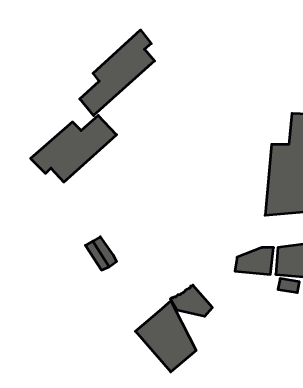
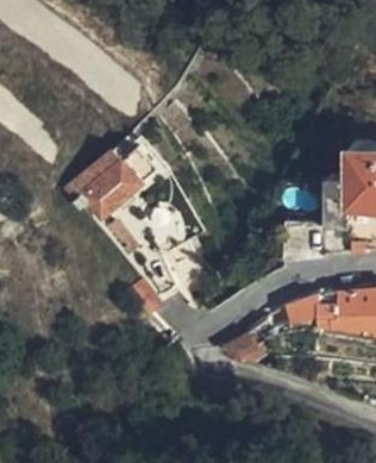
building: [80,30,155,116] -> none
building: [135,301,196,372] -> none

